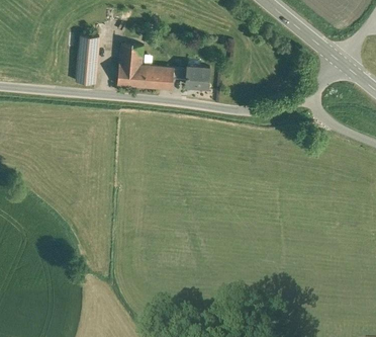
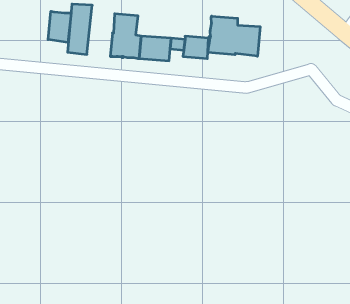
building: none -> [48,11,71,43]
building: none -> [208,16,260,56]

